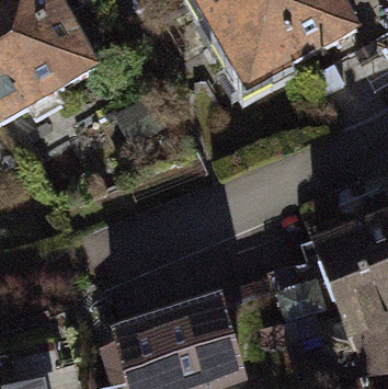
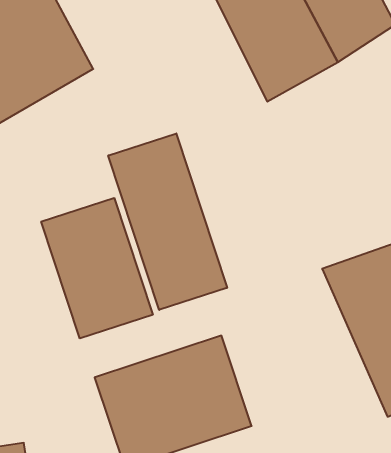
building: none -> [108,133,227,310]
building: none -> [41,198,153,338]

